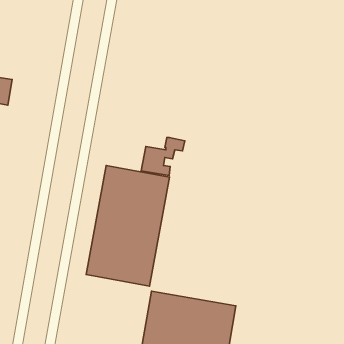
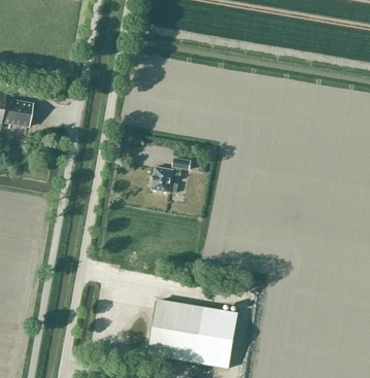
building: [86,165,169,286] -> none

